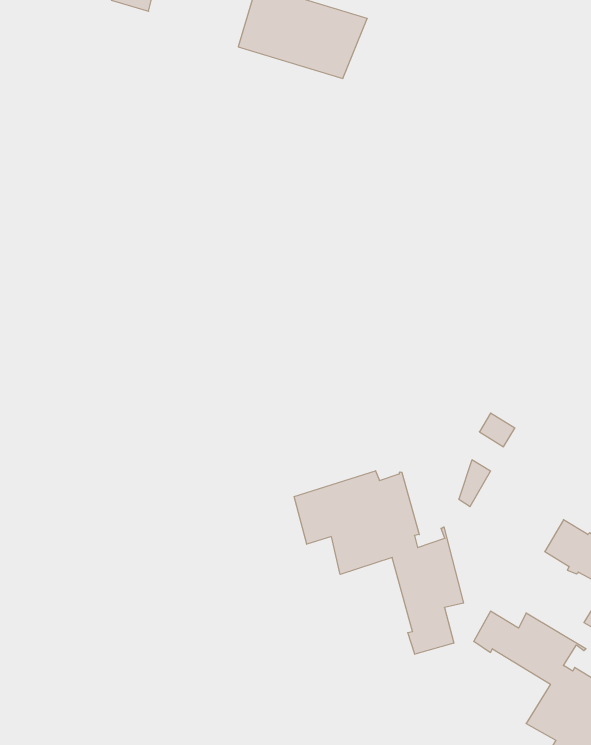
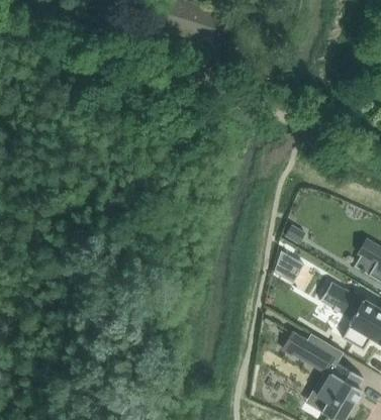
building: [294,471,464,654] -> none

